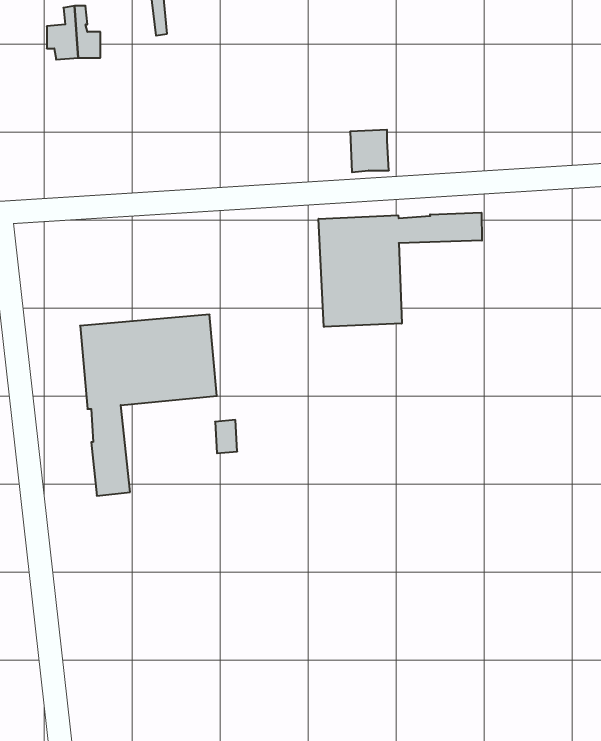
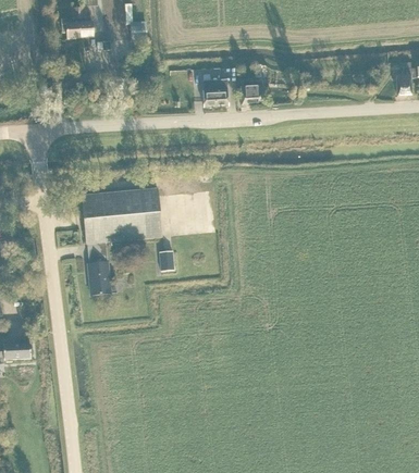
building: none -> [202,78,227,105]
building: [319,213,482,327] -> none

